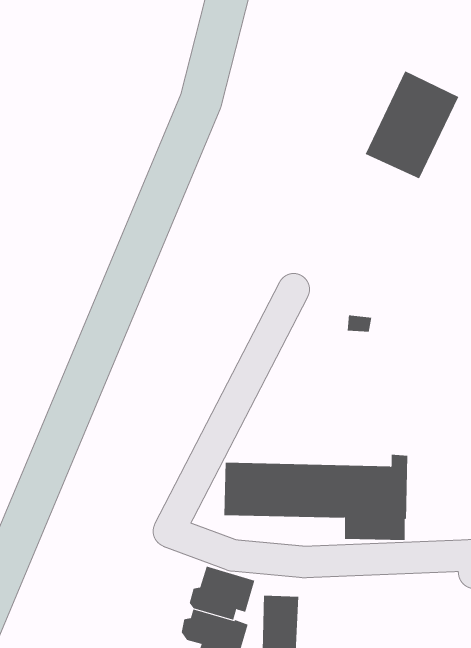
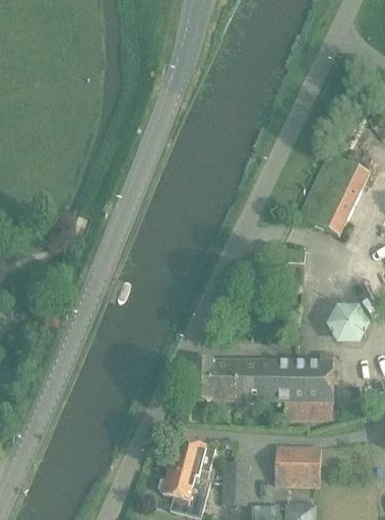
building: [365,70,459,179] -> [298,151,370,235]
building: none -> [327,303,371,341]
building: none -> [275,445,321,484]

